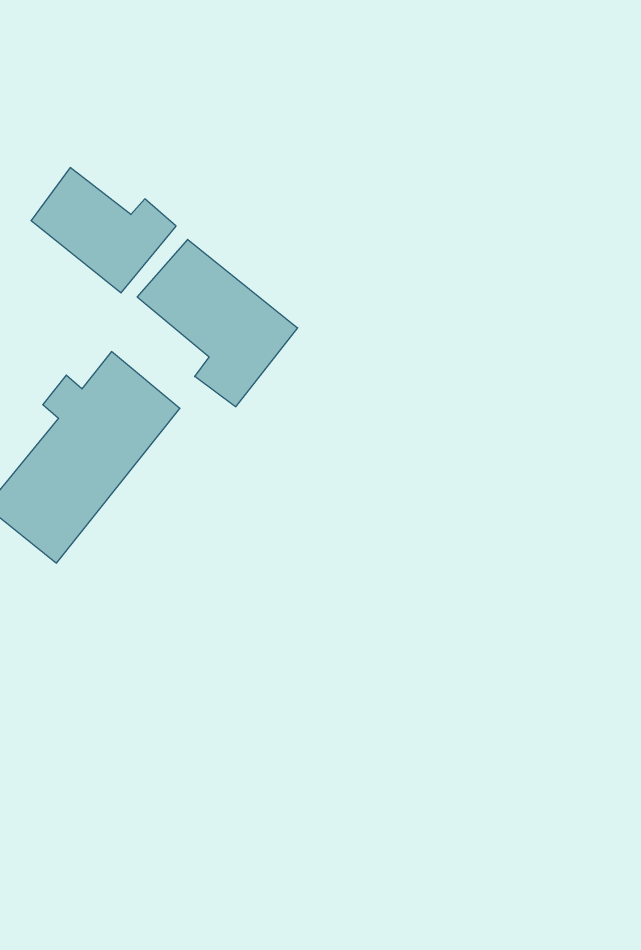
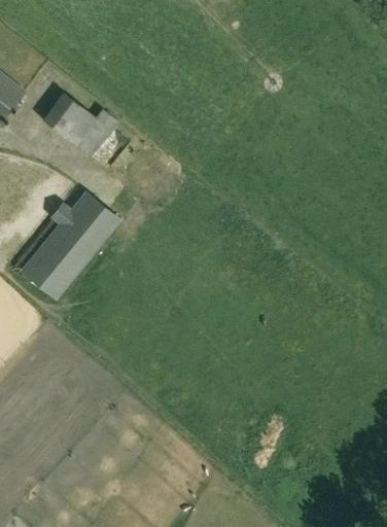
building: [137,239,298,407] -> none

